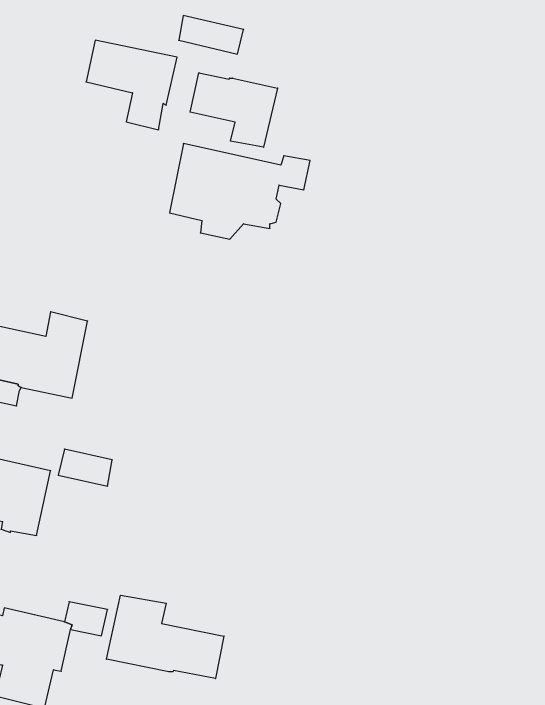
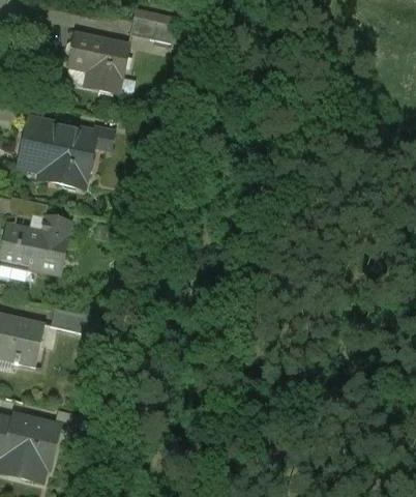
building: [190,73,278,147] -> none
building: [170,143,310,239] -> [20,118,114,182]
building: [106,595,224,679] -> none

